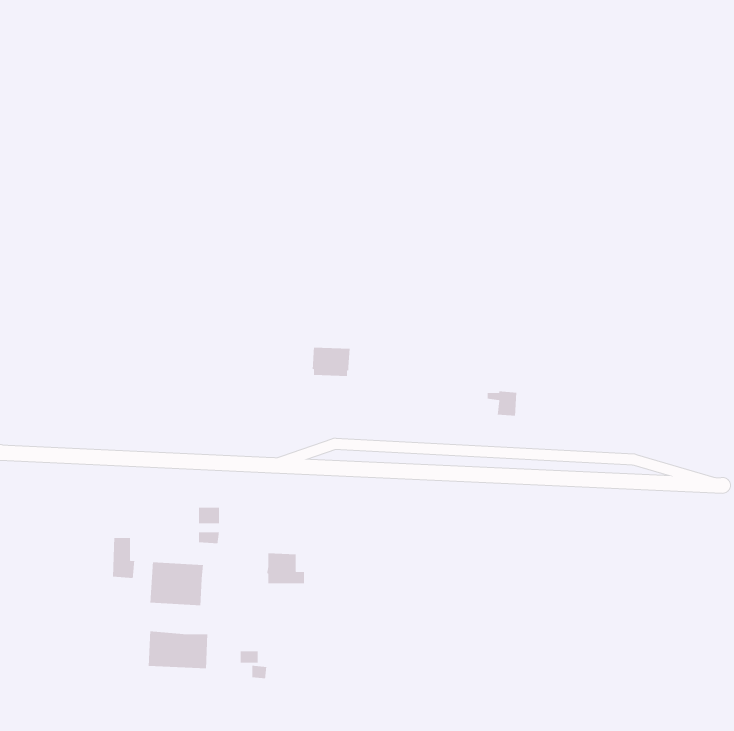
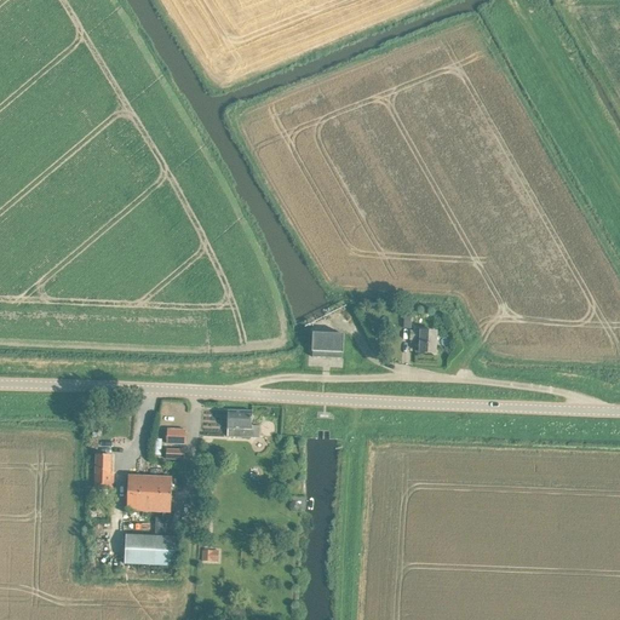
building: [312,347,351,377] -> [311,331,344,356]
building: [266,553,305,584] -> [226,408,259,435]

